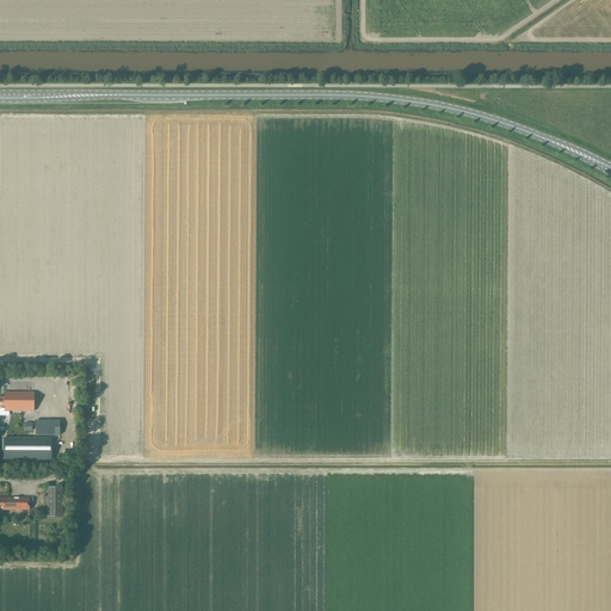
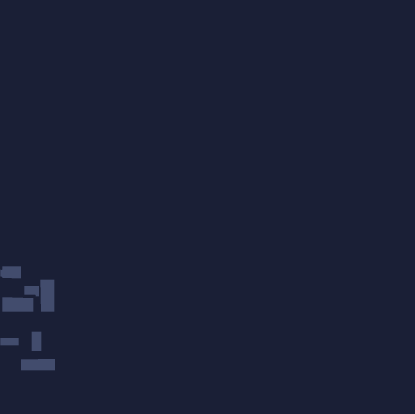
building: none -> [40,279,55,313]
building: none -> [21,358,56,371]

